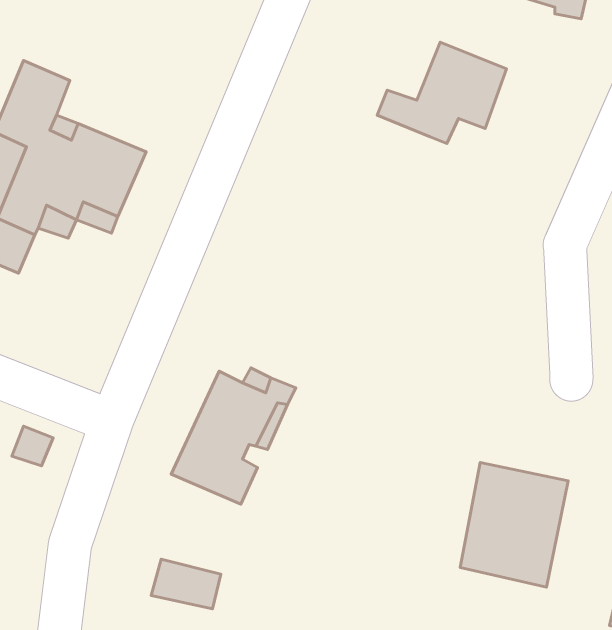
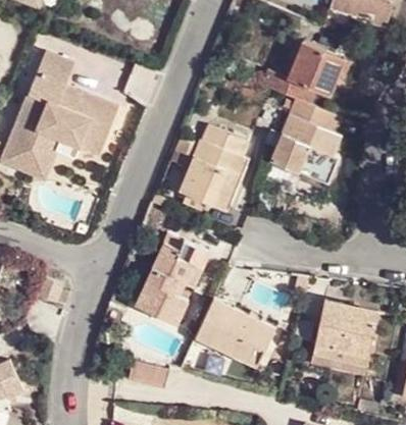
building: none -> [271,99,339,180]
building: none -> [180,125,246,209]
building: none -> [197,302,274,366]

